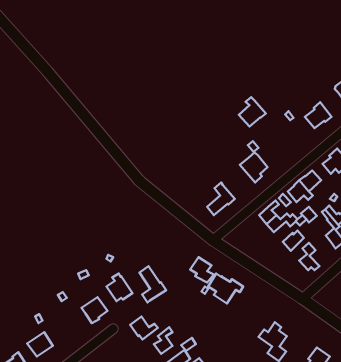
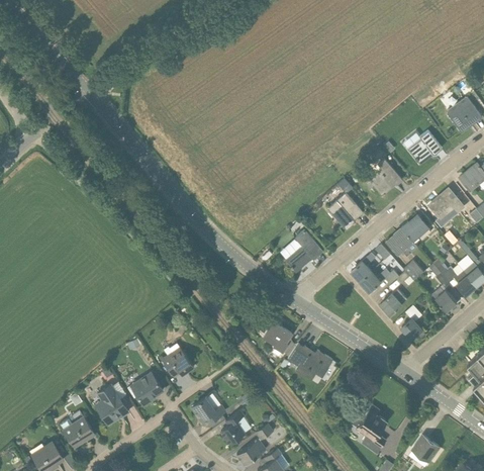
building: [239,97,266,126] -> [369,159,402,195]
building: [140,266,166,303] -> none
building: none -> [94,384,128,425]

